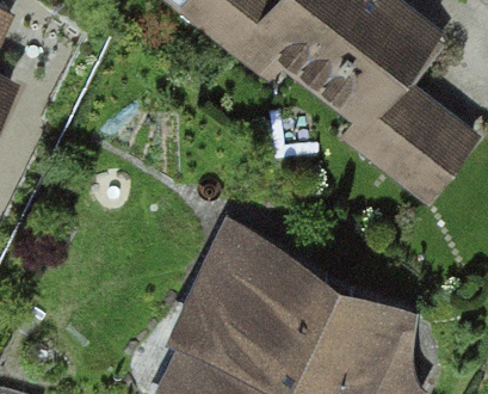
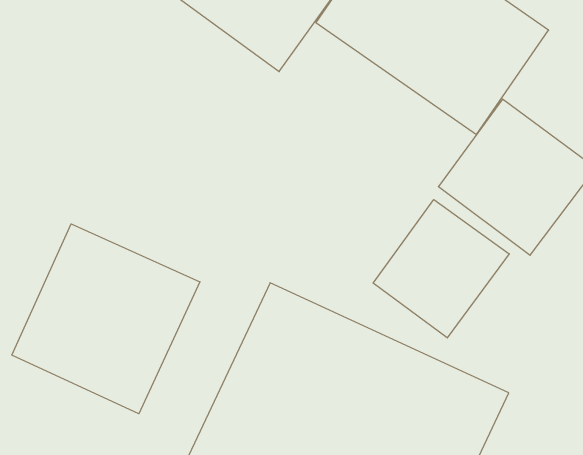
building: none -> [373,200,509,338]
building: none -> [12,224,200,414]

